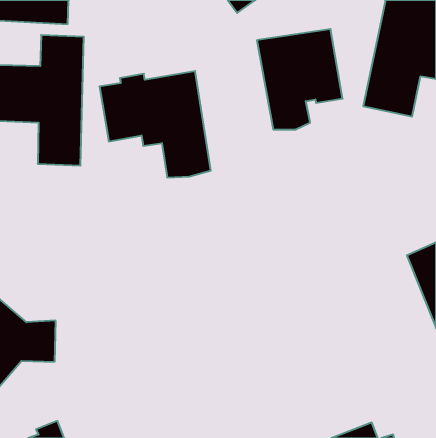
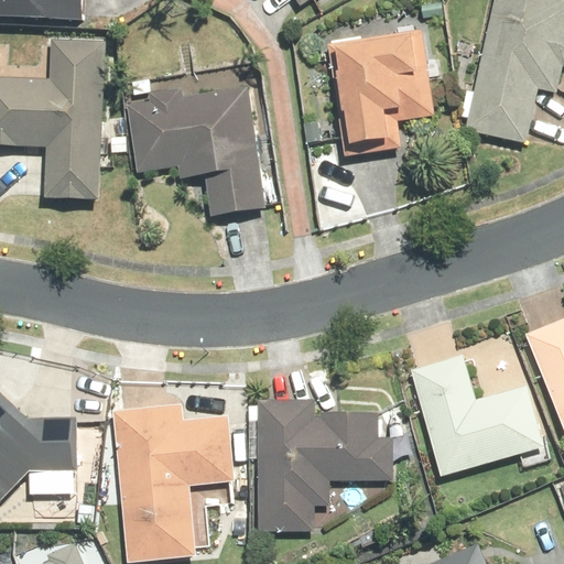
building: none -> [410,349,543,470]
building: none -> [254,394,391,528]
building: none -> [109,398,234,557]

